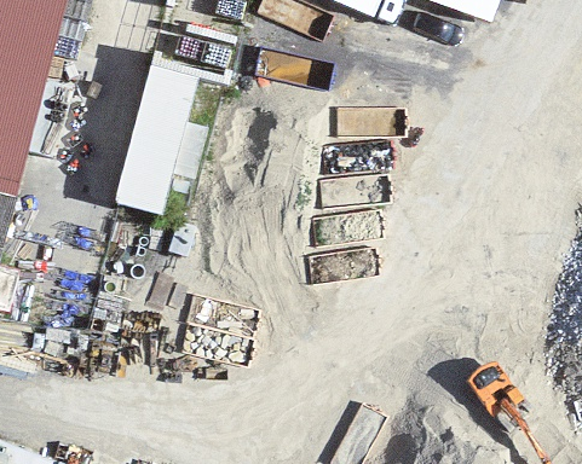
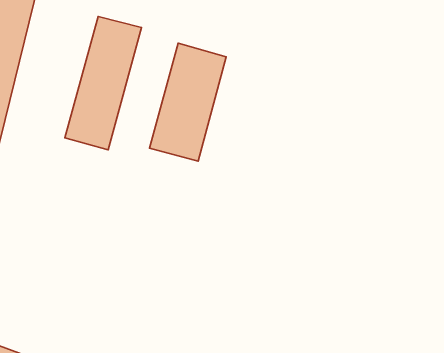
building: none -> [149,43,226,161]

